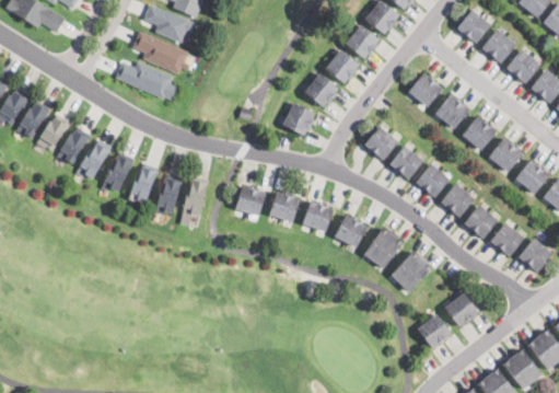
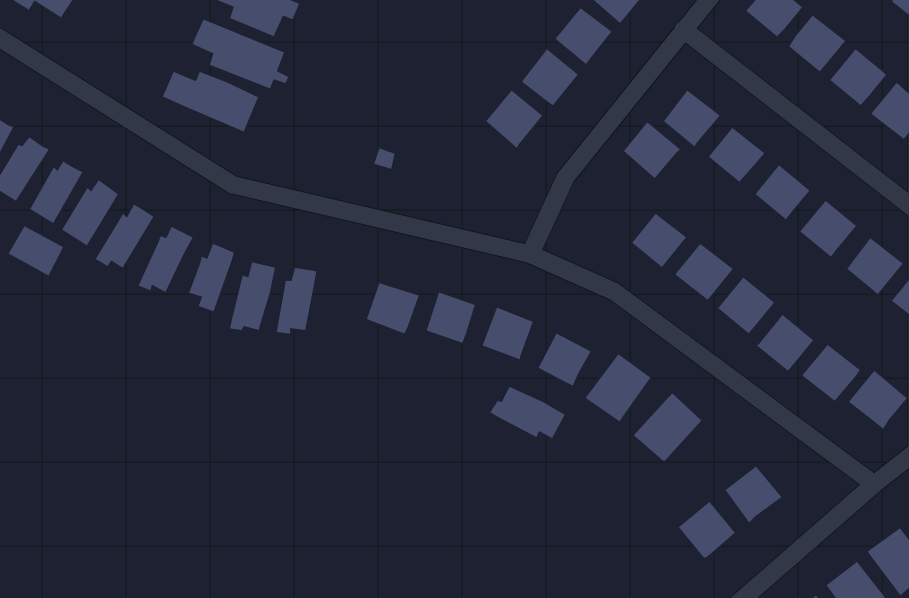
building: [282,103,315,136] -> none
building: [364,126,398,160] -> [623,121,681,179]
building: none -> [8,225,64,277]
building: none -> [489,386,566,439]

